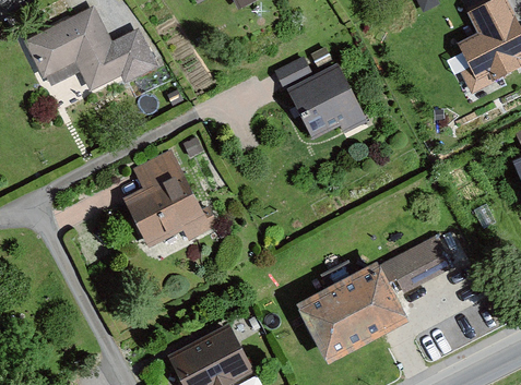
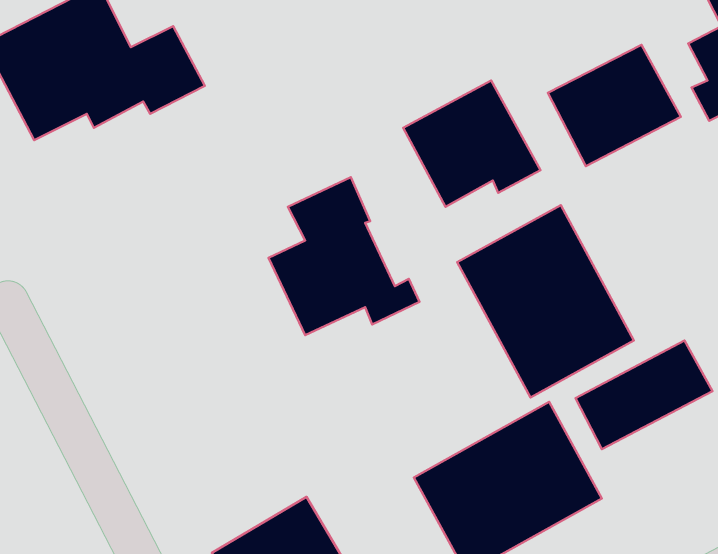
building: none -> [548,45,681,166]
building: none -> [457,205,634,397]
building: [123,147,217,245] -> [268,177,420,335]

